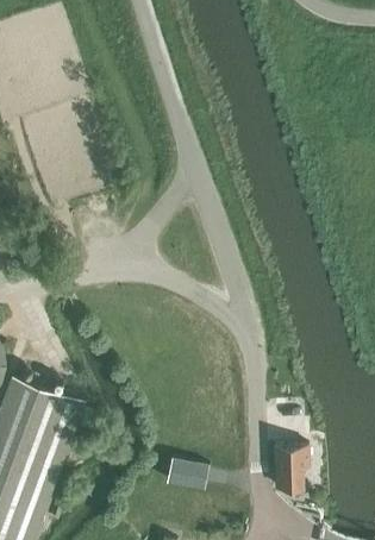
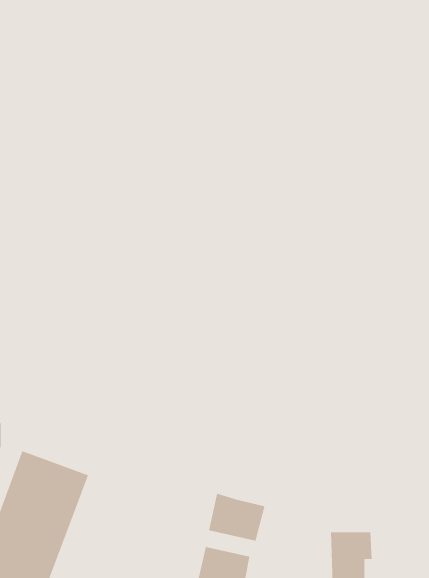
building: none -> [208,493,265,542]

